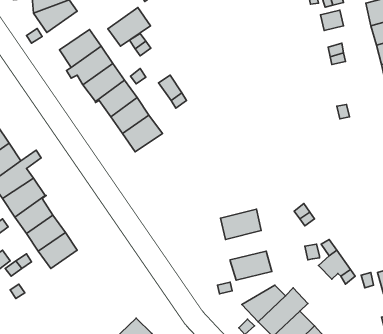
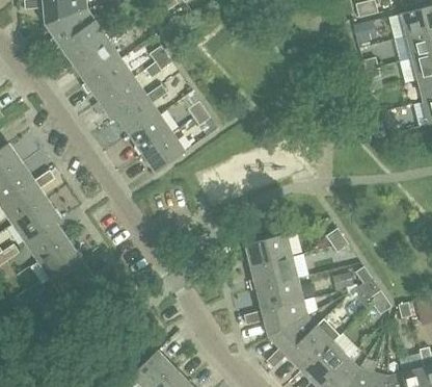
building: [108,7,150,46] -> [60,21,106,62]
building: none -> [248,256,295,289]
building: none -> [263,300,304,335]

